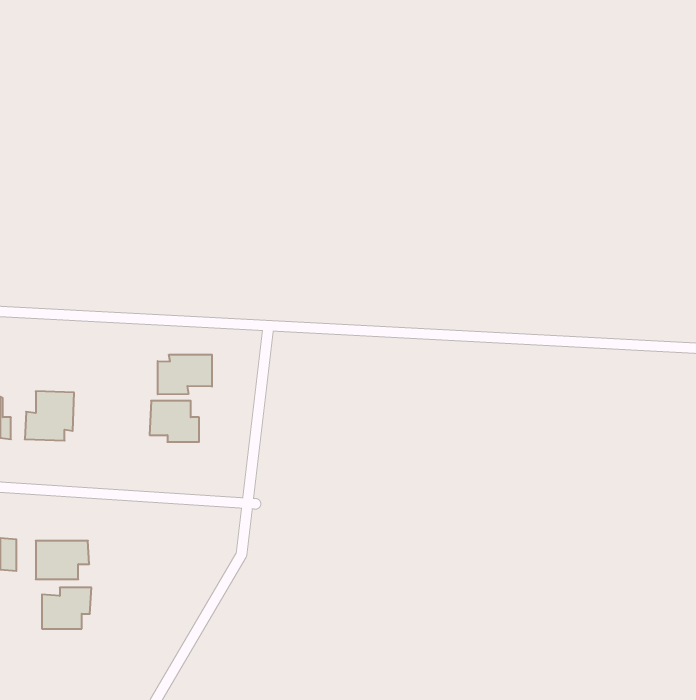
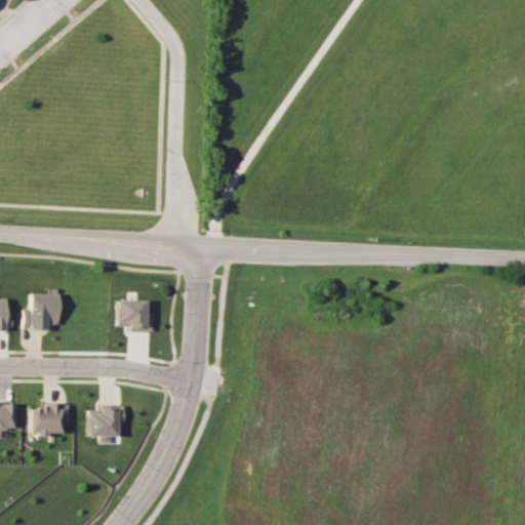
building: [158,355,212,394] -> none
building: [42,588,91,629] -> [88,405,125,436]

